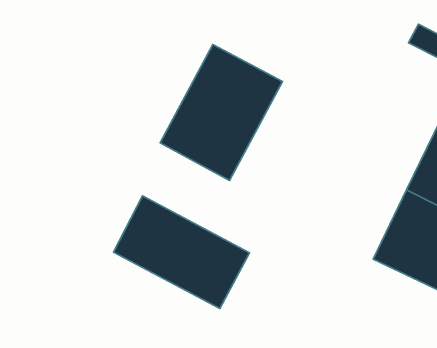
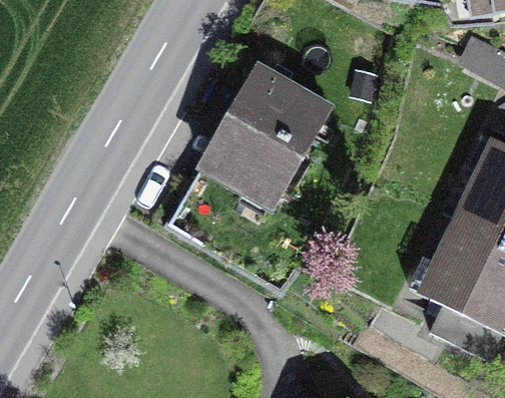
building: [114,196,250,309] -> none

